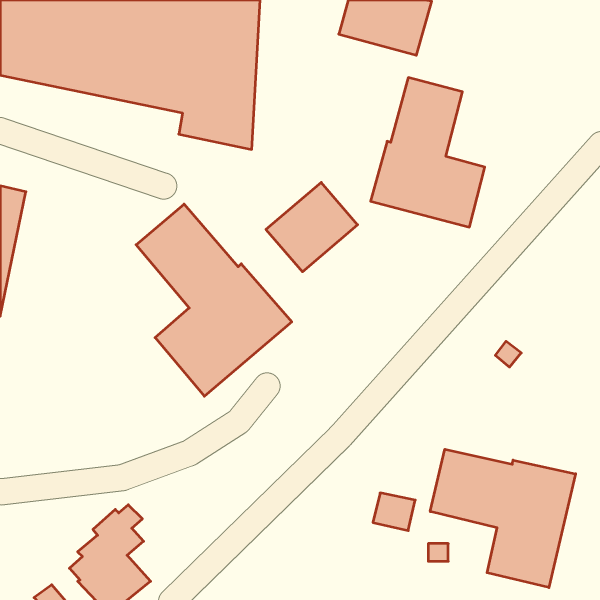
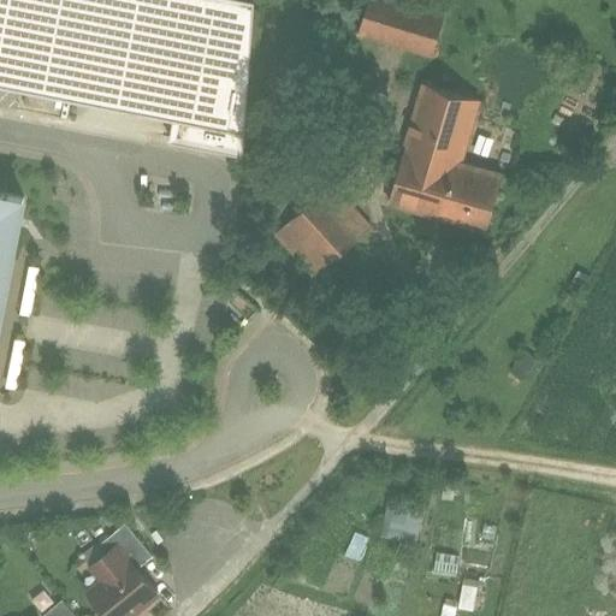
building: [136,204,292,396] -> none
building: [430,449,576,588] -> none

